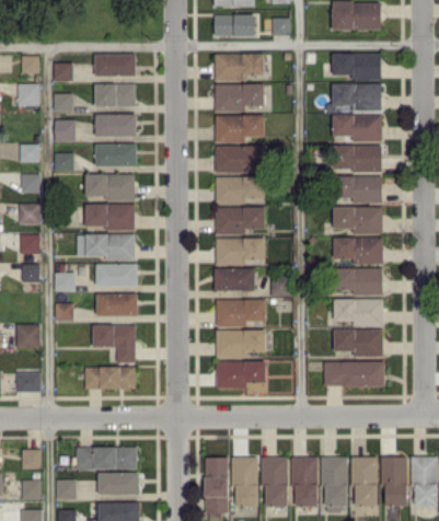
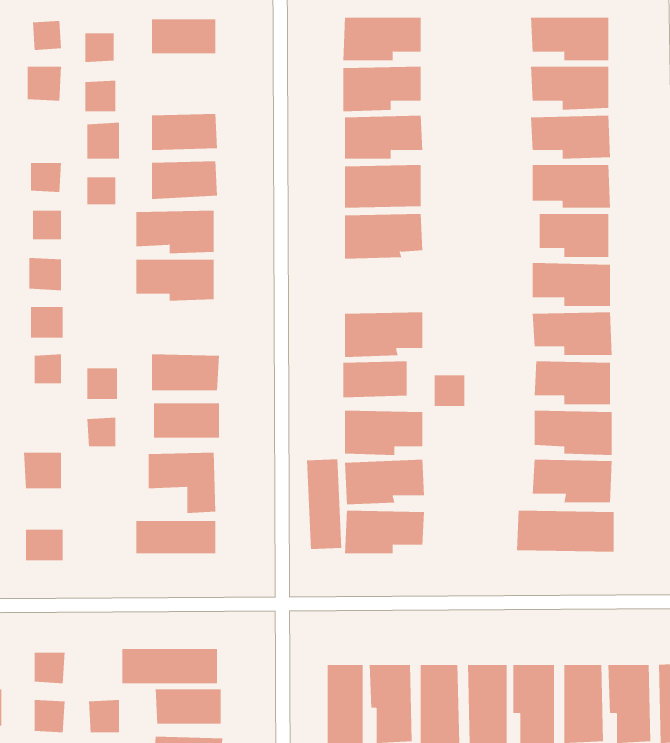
building: [94,84,136,107] -> none
building: [216,207,265,235] -> none
building: [77,234,135,261] -> none
building: none -> [306,458,342,550]

